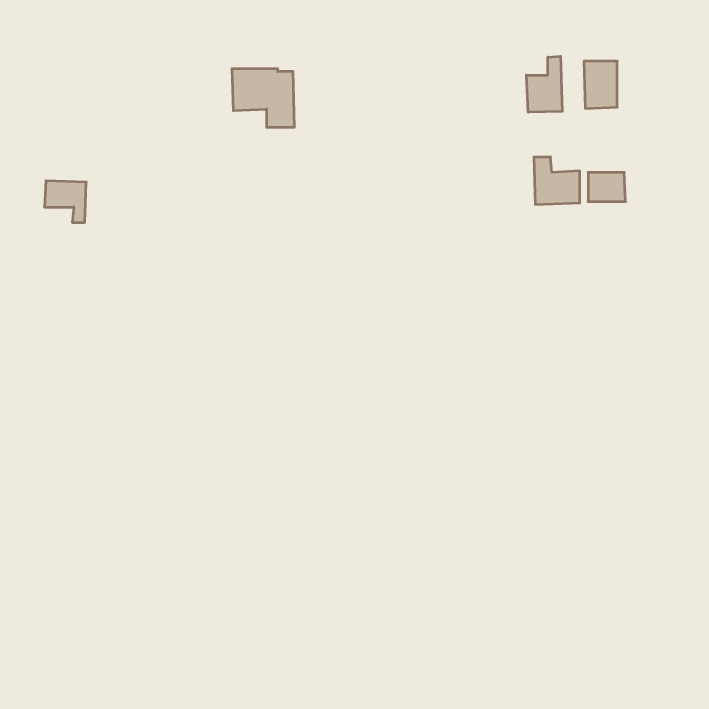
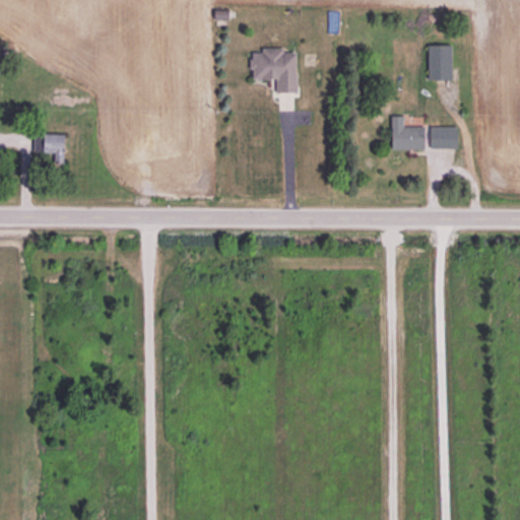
building: [526,56,562,112] -> none
building: [232,69,294,127] -> [251,50,297,92]

